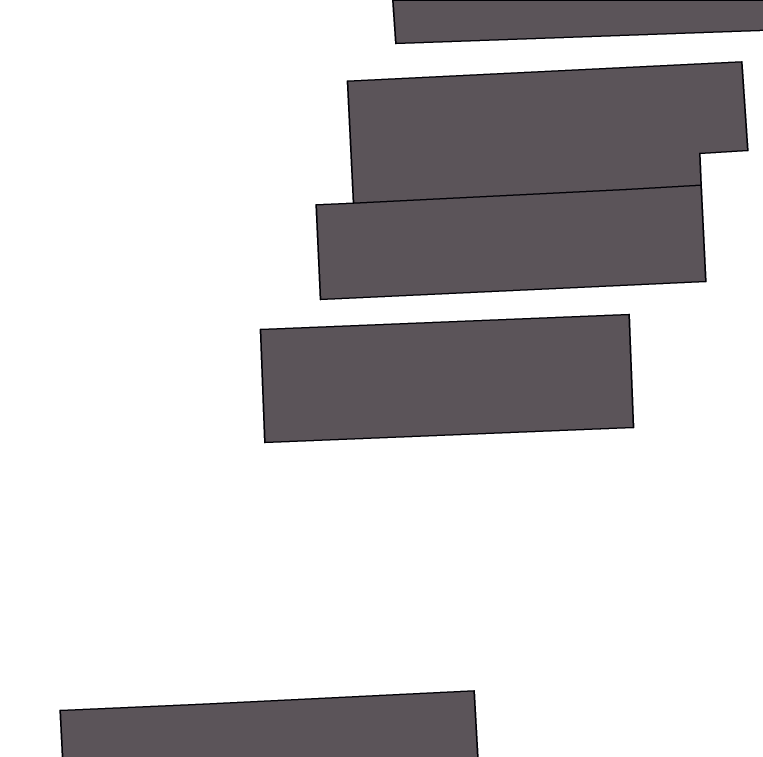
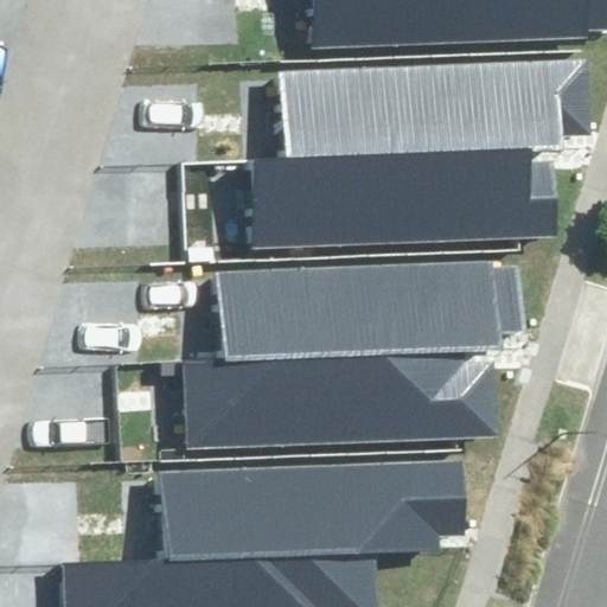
building: none -> [180,347,481,449]
building: none -> [160,455,475,564]

